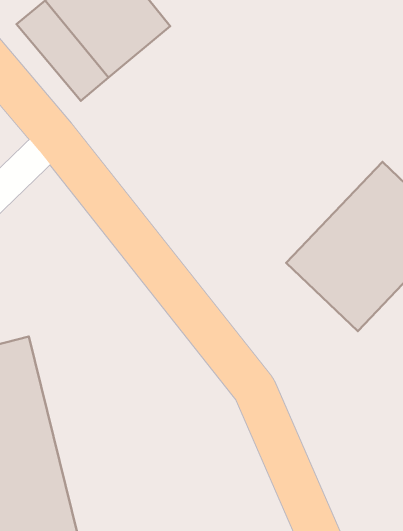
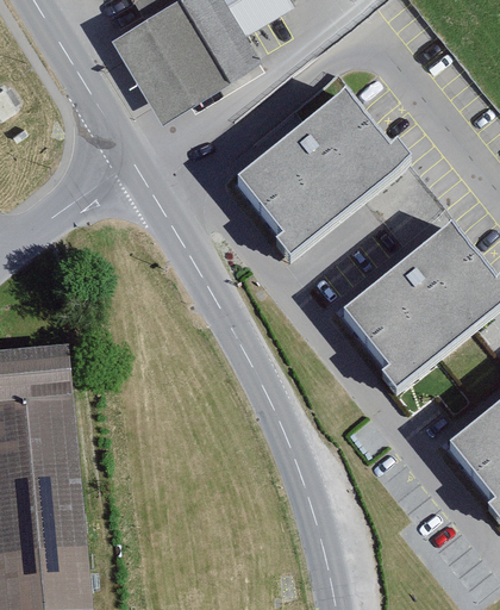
building: none -> [226,87,402,253]

